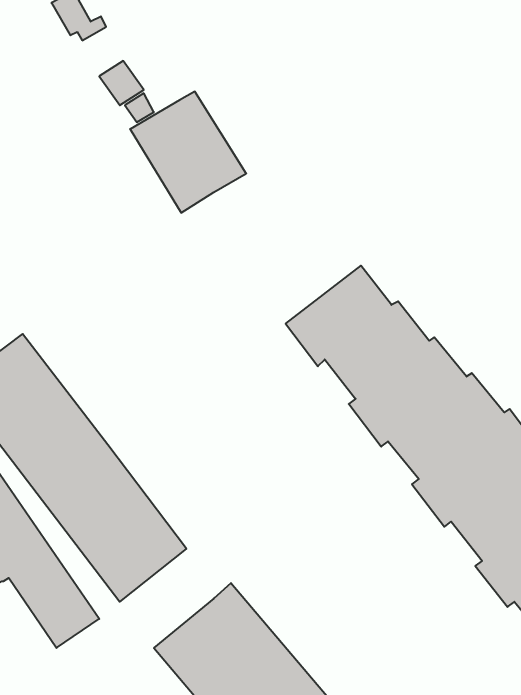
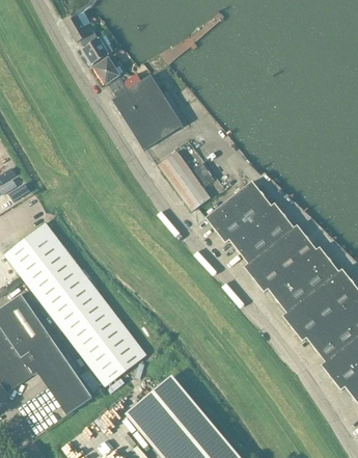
building: none -> [82,35,112,64]
building: none -> [158,151,214,211]

